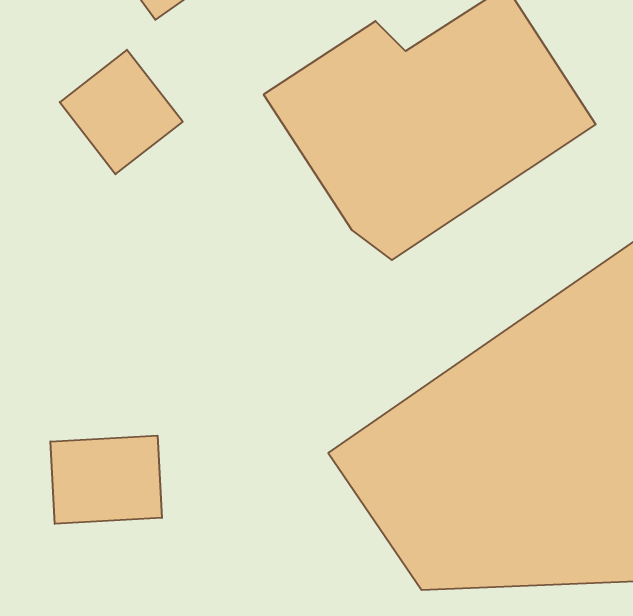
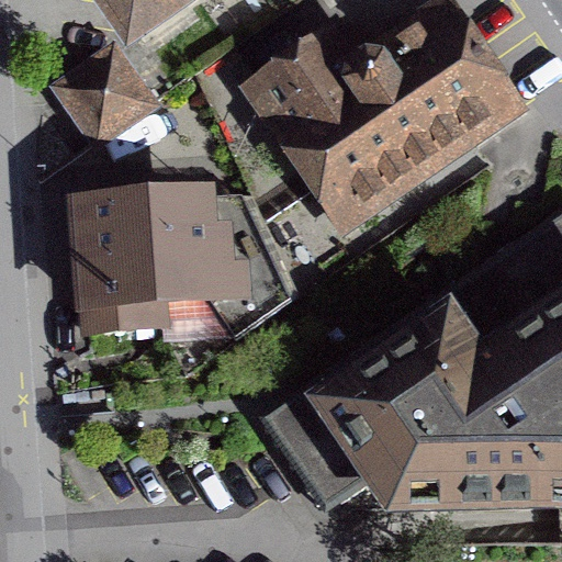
building: none -> [79,182,225,328]
building: [50,436,162,524] -> none

